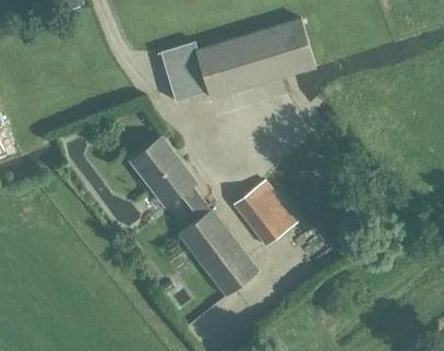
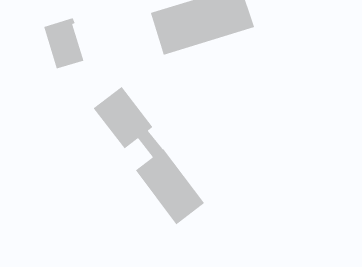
building: [159,40,207,101] -> [43,17,84,70]
building: [232,179,298,246] -> none

